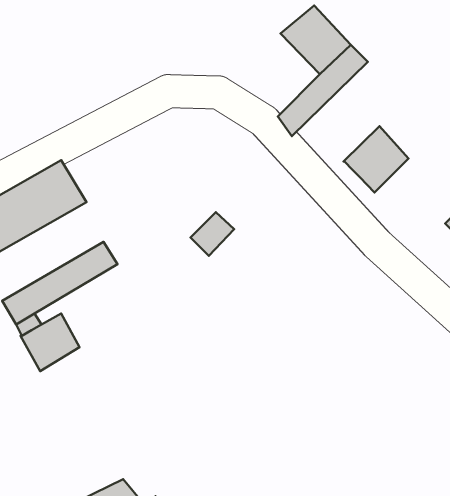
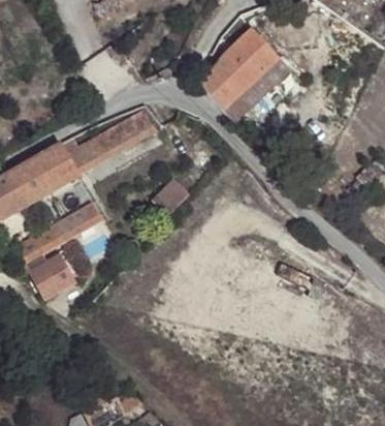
building: none -> [197,50,252,111]
building: none -> [62,109,156,174]
building: [343,126,408,193] -> none

